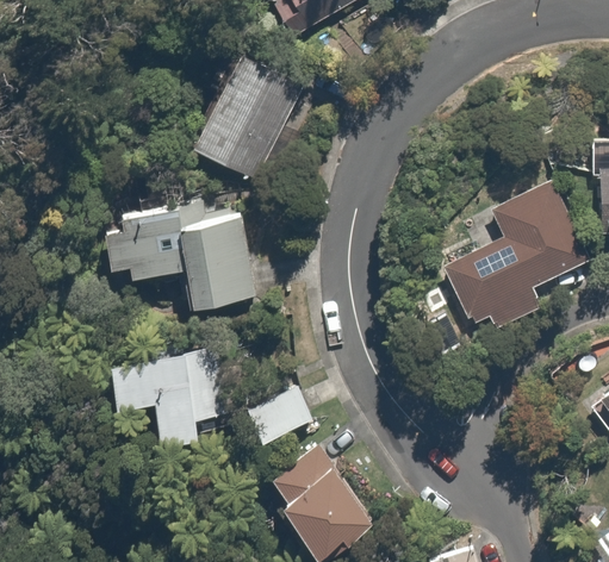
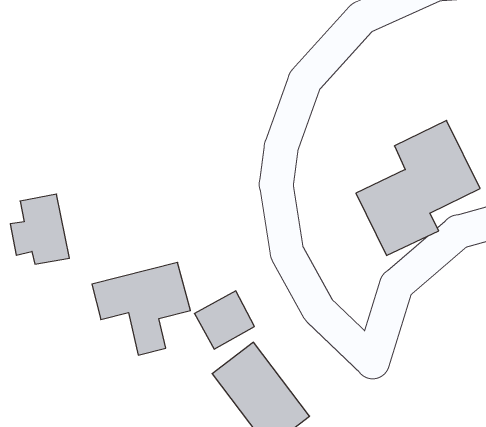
building: [193,46,305,180] -> none
building: [102,200,174,285] -> [10,194,69,264]
building: [178,212,259,307] -> none

